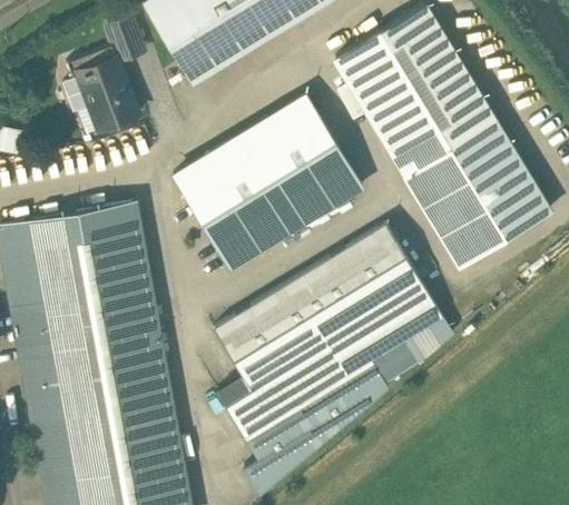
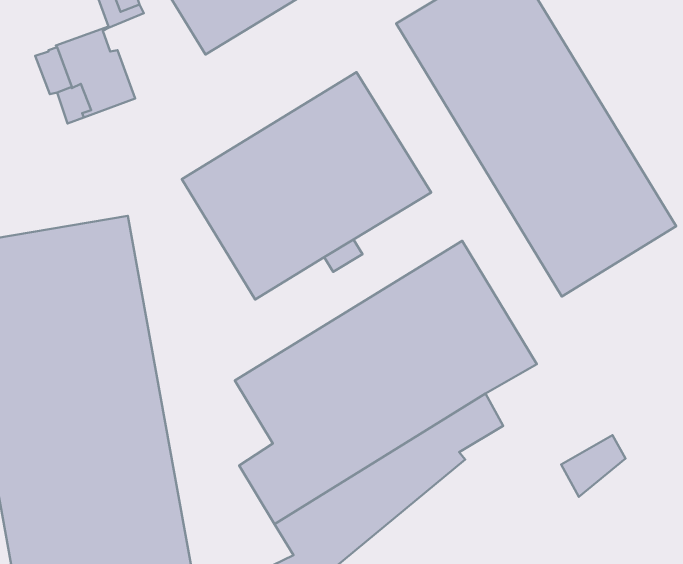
building: [66,44,118,78] -> none
building: [404,316,453,363] -> [561,435,626,497]

